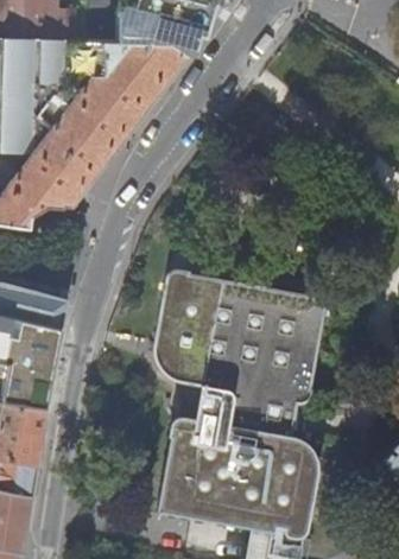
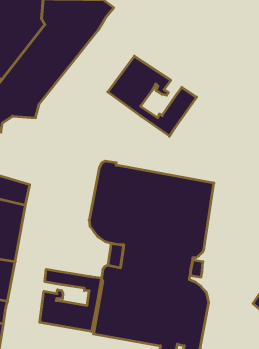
building: none -> [108,56,197,136]
building: none -> [40,269,101,332]

